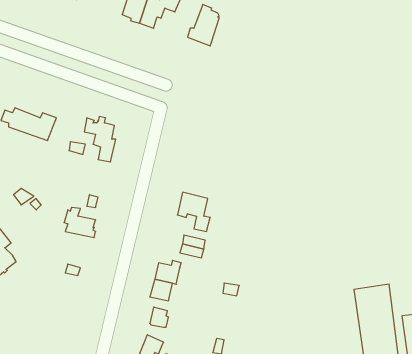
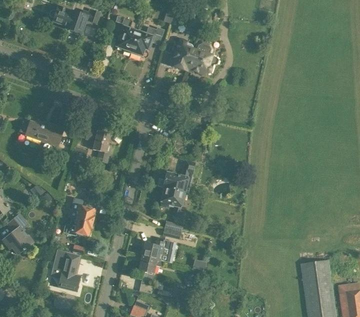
building: none -> [187,41,219,74]
building: none -> [162,159,195,192]
building: none -> [63,217,94,235]
building: none -> [52,250,79,290]

